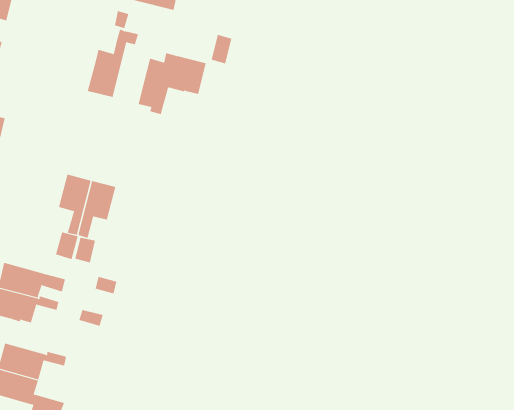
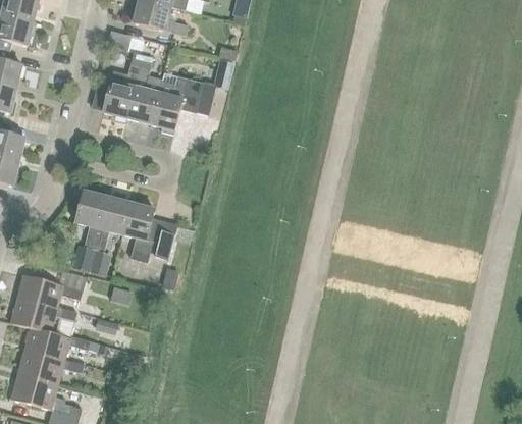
building: none -> [126,65,158,123]
building: none -> [121,202,176,262]
building: none -> [23,327,89,361]

